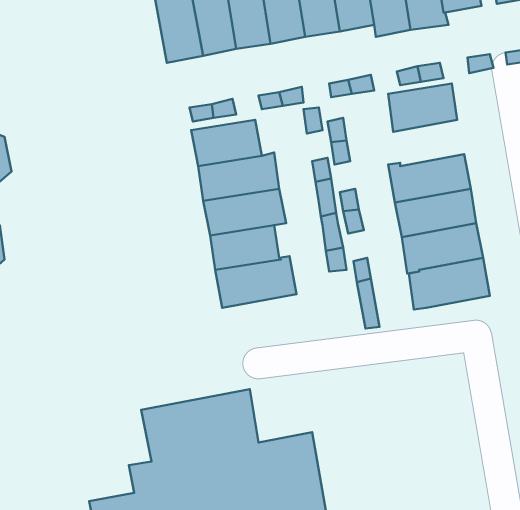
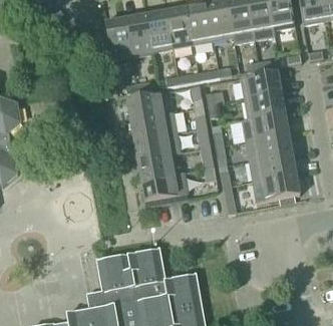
building: none -> [243,90,284,117]

